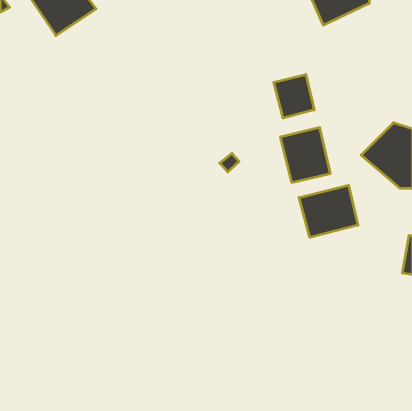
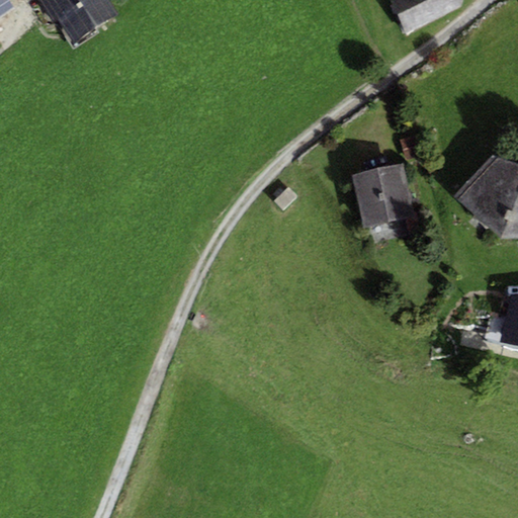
building: [274,74,314,118] -> none
building: [299,185,358,237] -> none

